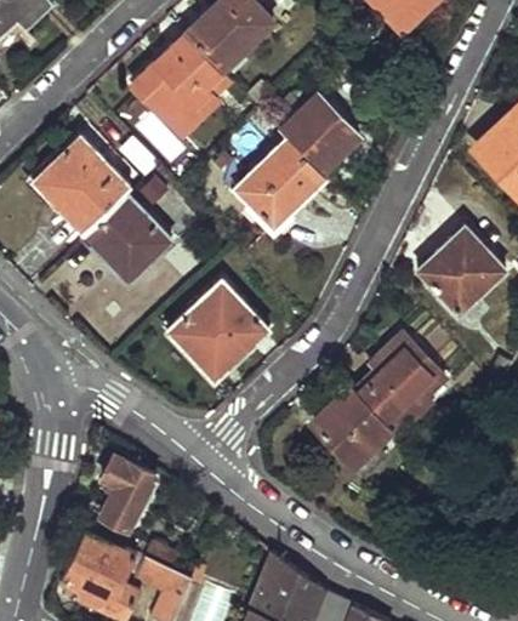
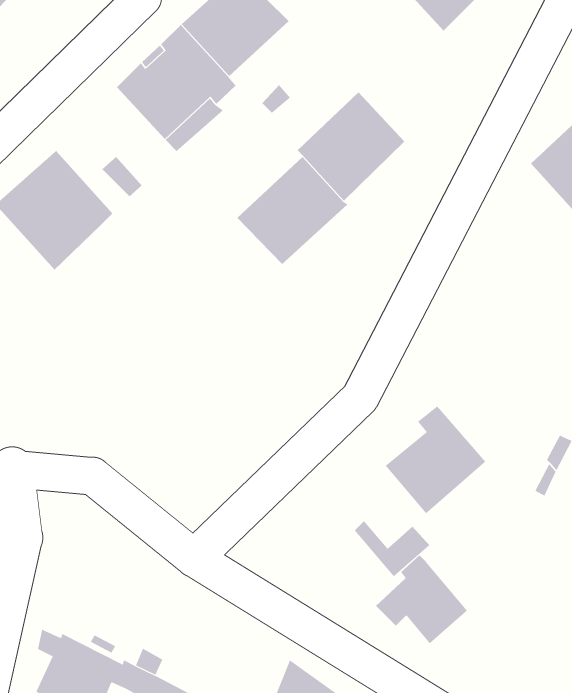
building: [81,195,165,280] -> none
building: [409,224,502,320] -> none
building: [167,284,264,382] -> none
building: [312,388,388,462] -> [375,555,468,644]
building: [103,457,158,531] -> none

